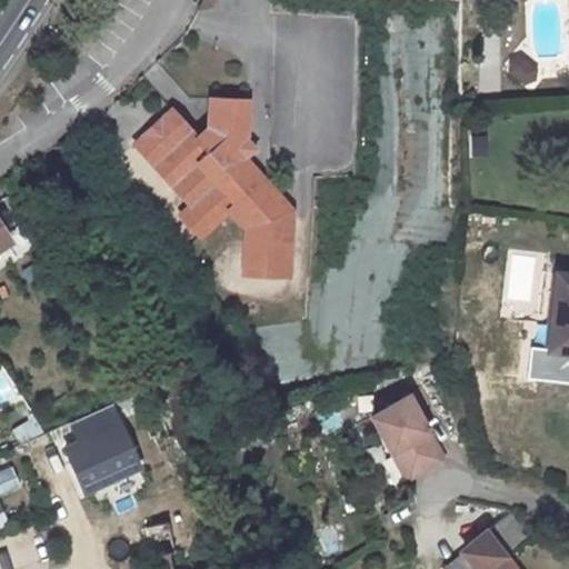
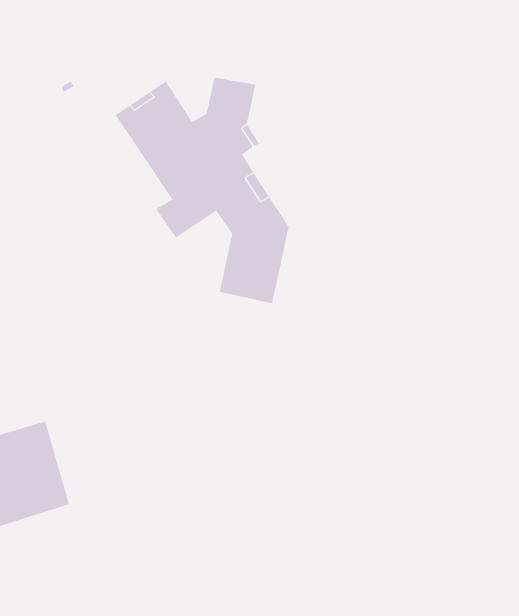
building: [366,400,440,485] -> none

